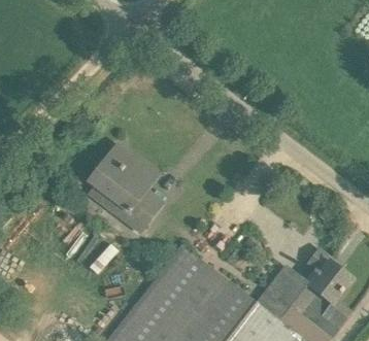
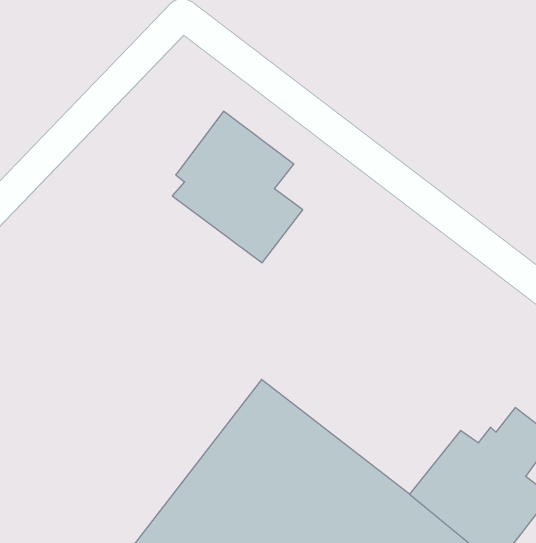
building: [87,141,163,230] -> [172,111,303,263]

